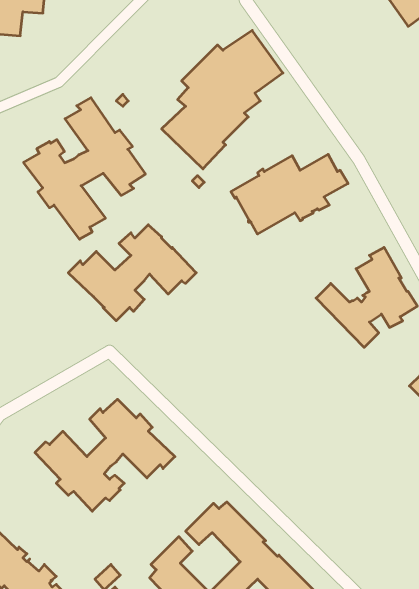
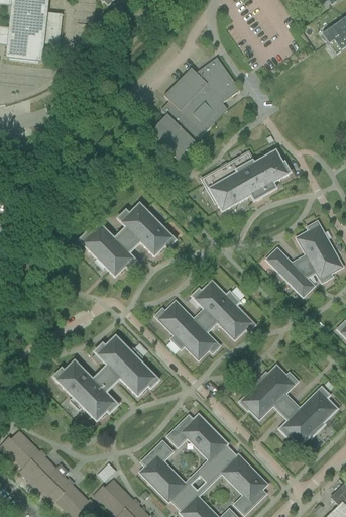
building: [24,98,145,239] -> none
building: none -> [154,281,254,359]
building: none -> [238,365,336,444]

